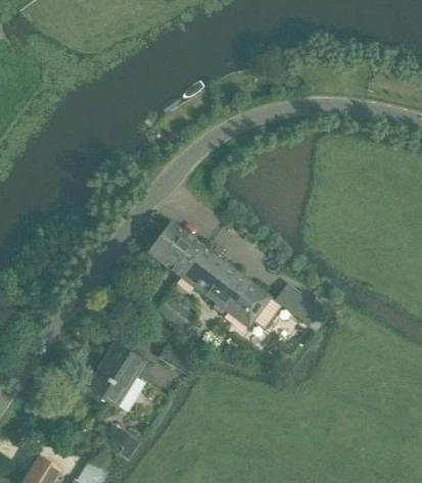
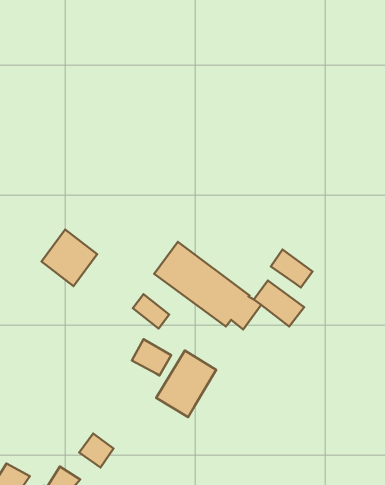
building: [149,222,202,276] -> [41,229,97,286]
building: none -> [271,250,313,288]
building: [87,343,144,406] -> [156,351,216,417]

